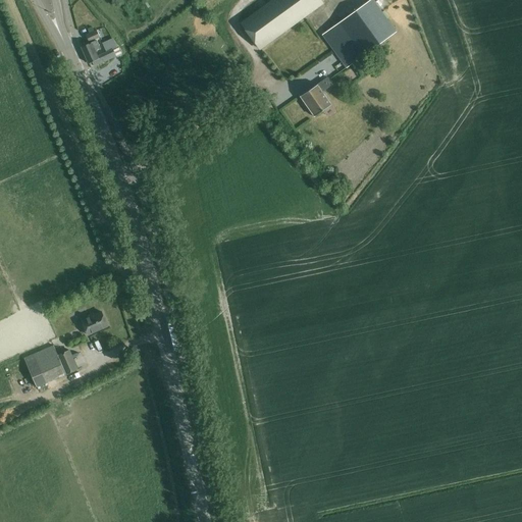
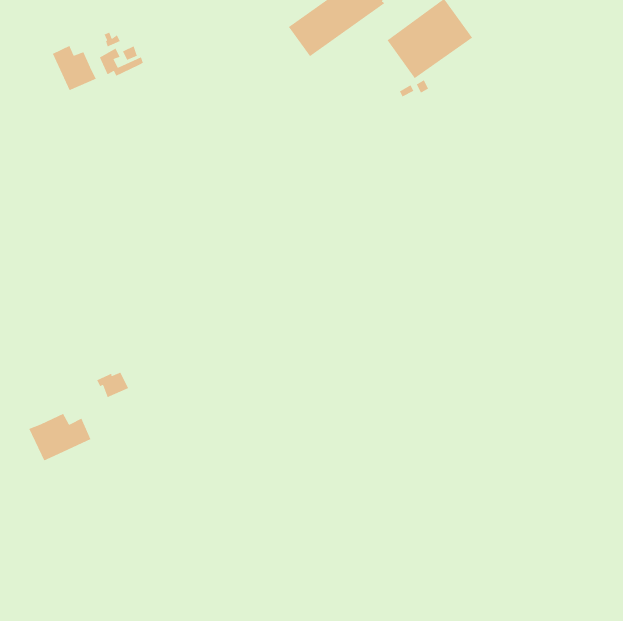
building: none -> [52,45,97,91]
building: [301,76,332,116] -> none

